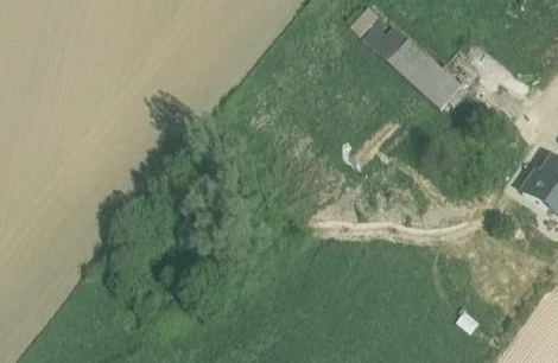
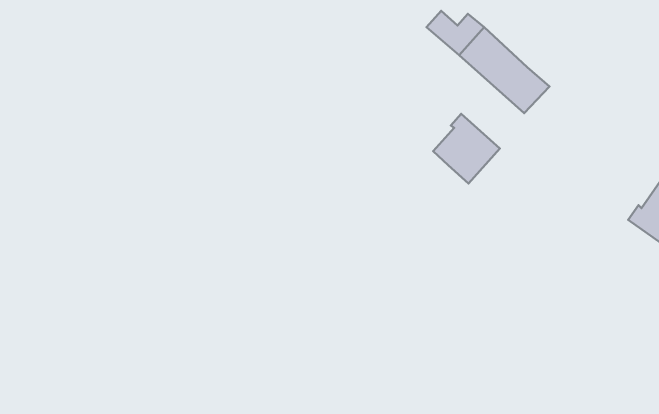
building: none -> [433,114,500,183]

